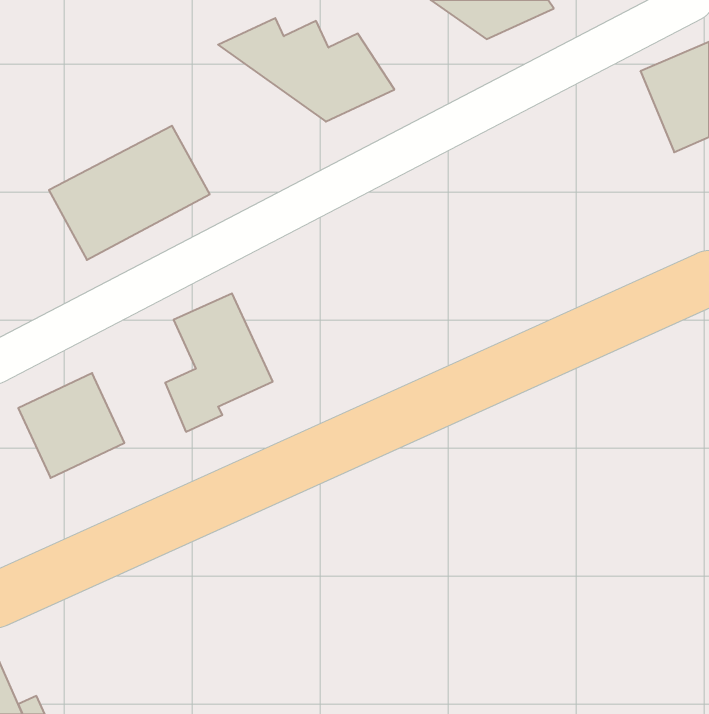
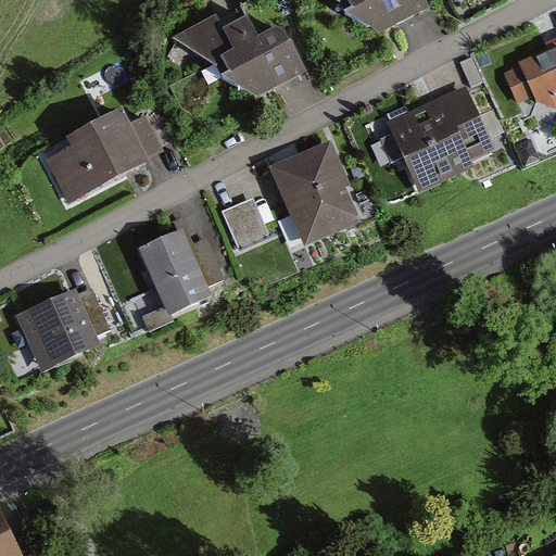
building: none -> [388,86,496,191]
building: none -> [269,140,366,247]
building: none -> [219,198,268,248]

